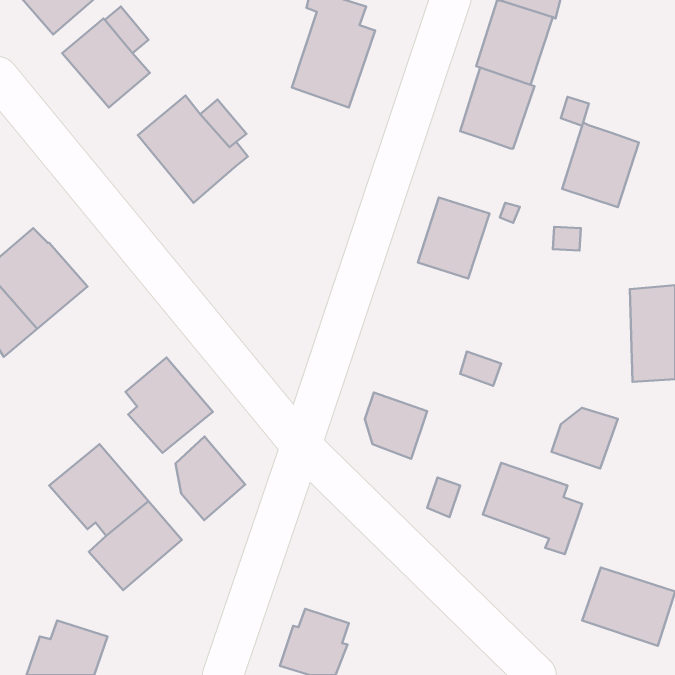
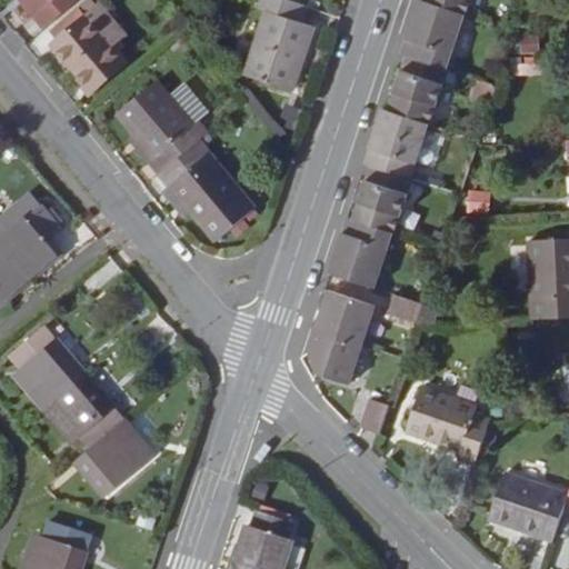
building: [562,122,639,207] -> [363,108,428,179]
building: none -> [158,139,254,241]
building: none -> [327,218,392,289]
building: none -> [313,291,371,345]
building: [125,357,213,453] -> [10,327,83,407]
building: [551,408,618,469] -> none
building: [175,436,245,520] -> none

